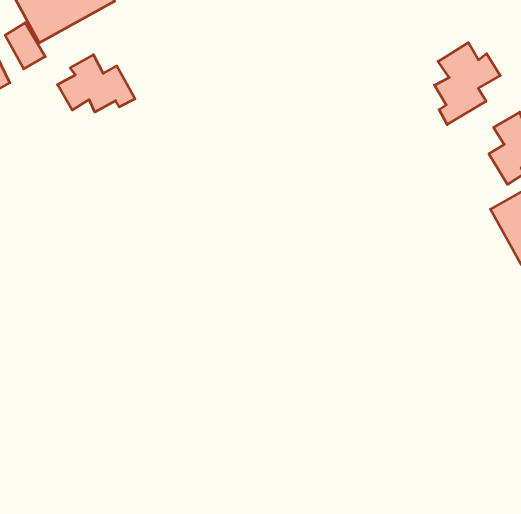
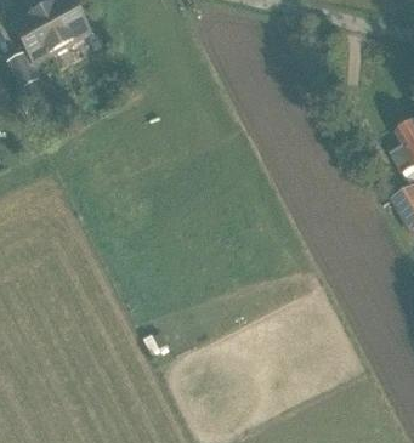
building: [434,43,500,125] -> none
building: [57,55,135,112] -> none

